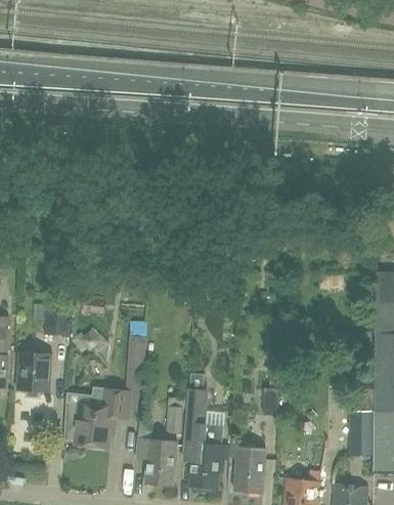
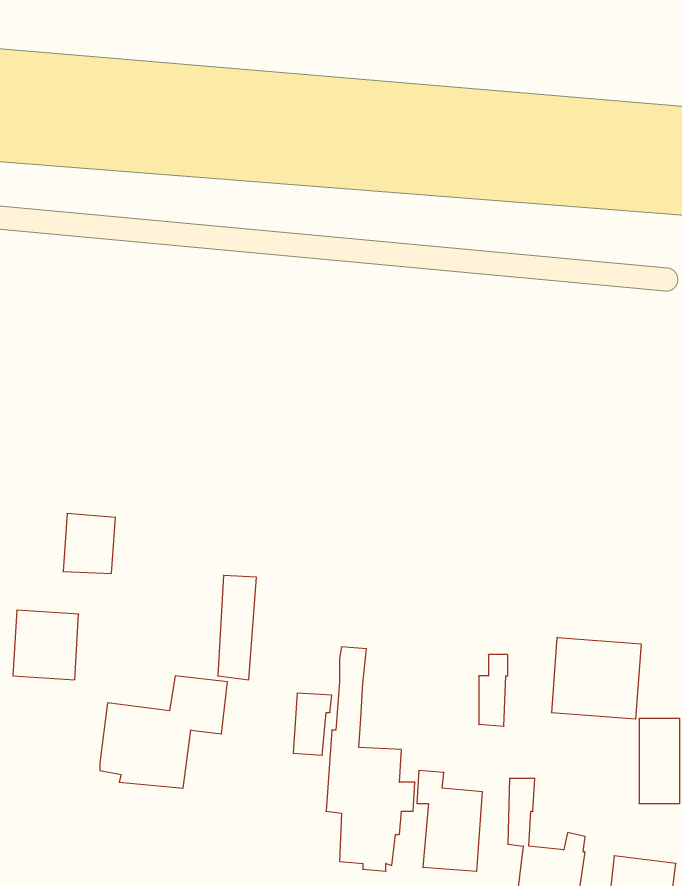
building: none -> [552,637,641,719]
building: [136,421,178,485] -> none

